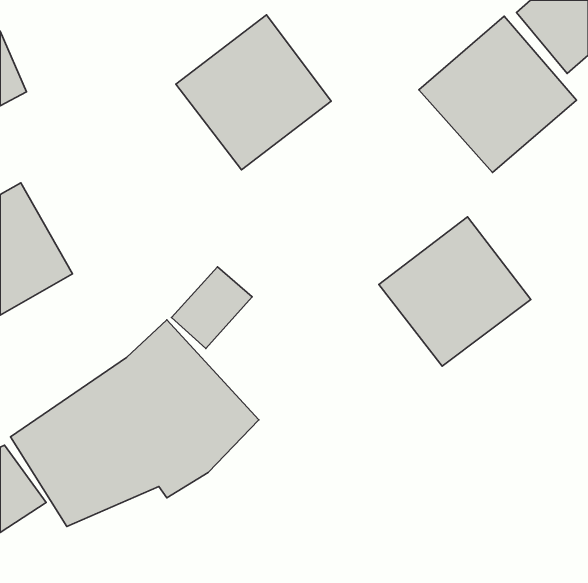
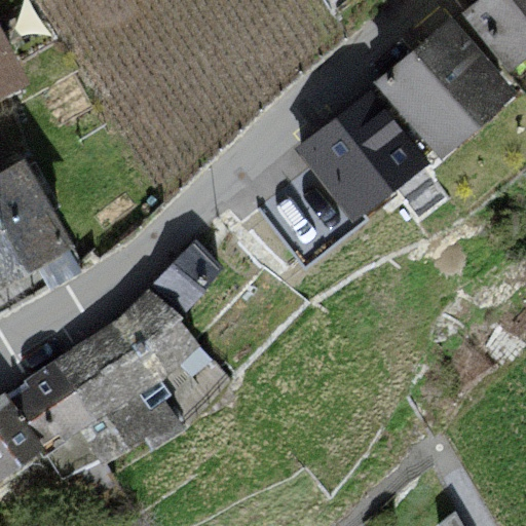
building: [176,15,331,170] -> none
building: [379,217,531,366] -> [295,88,430,222]

